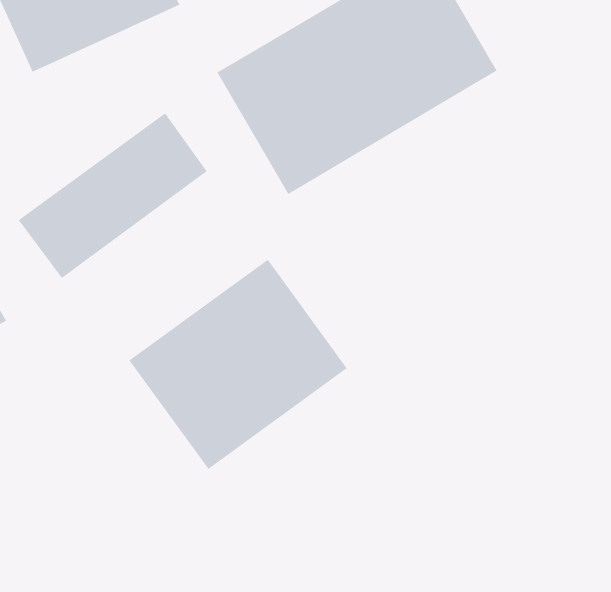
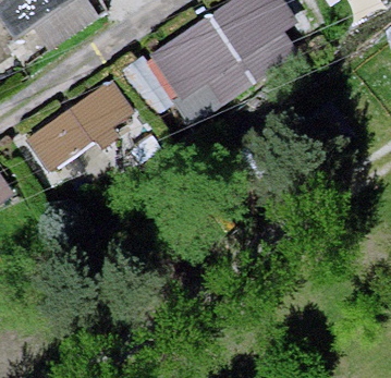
building: [129,259,348,470] -> none

